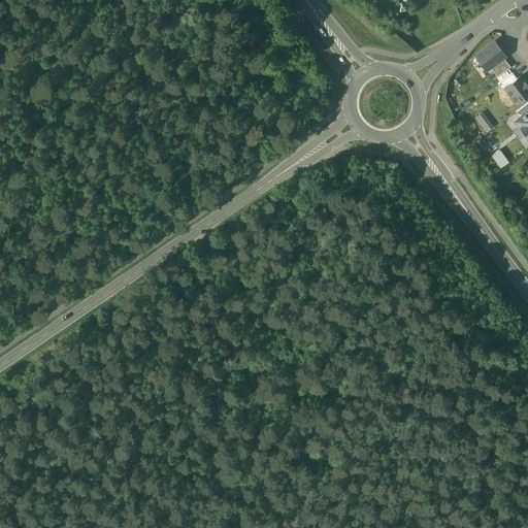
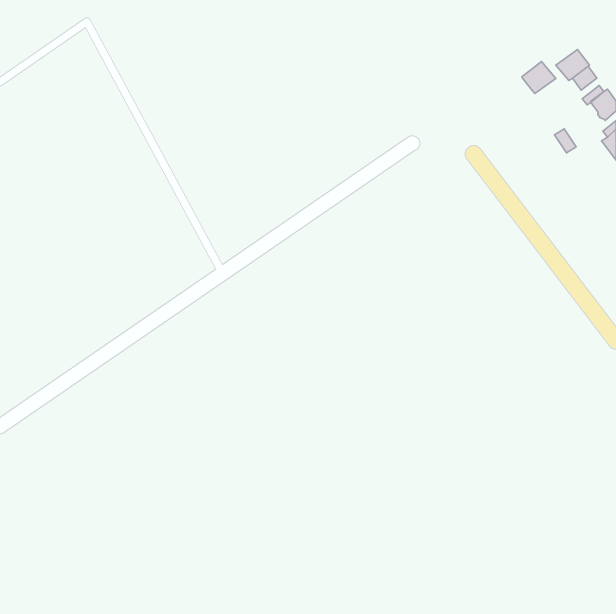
building: none -> [522,62,556,94]

